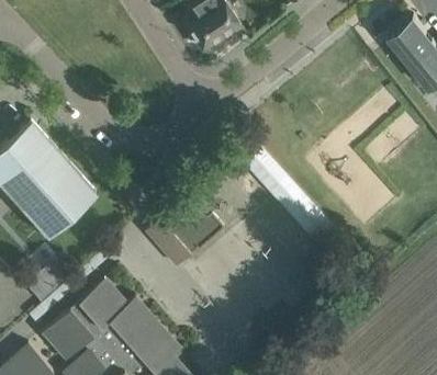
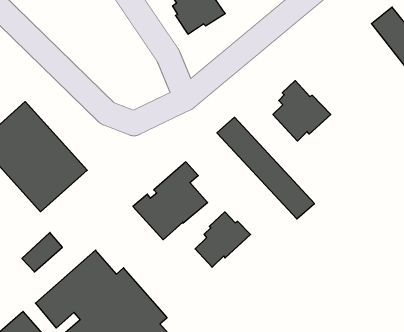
building: none -> [273,81,331,141]
building: none -> [195,212,251,267]

